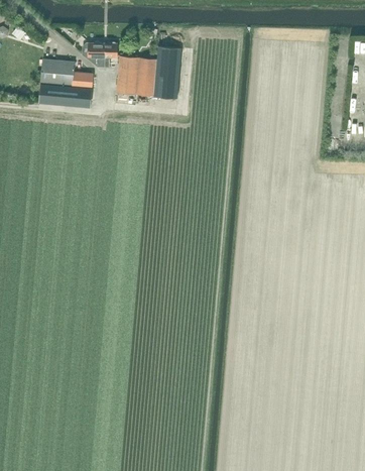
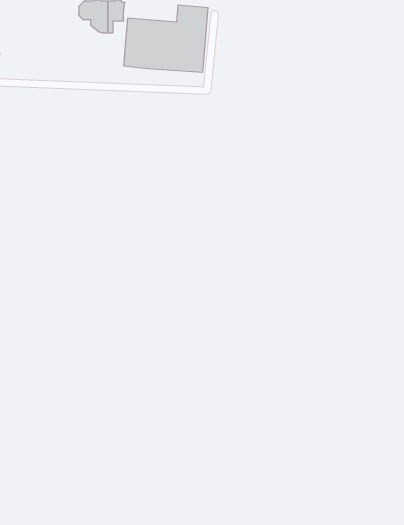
building: [39,58,94,107] -> none

